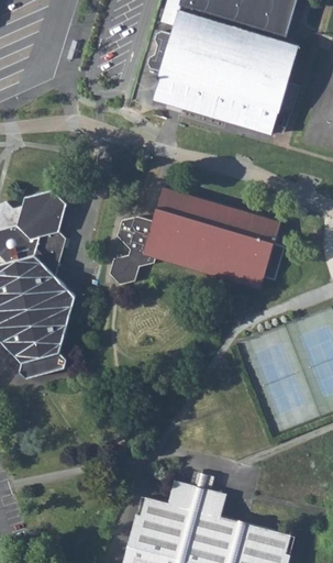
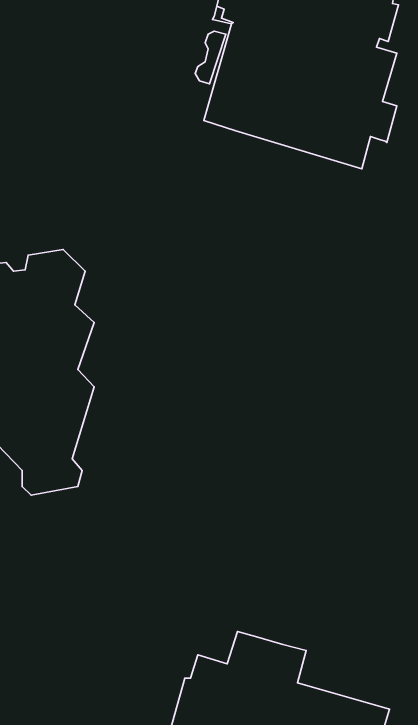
building: [113,187,282,289] -> none

